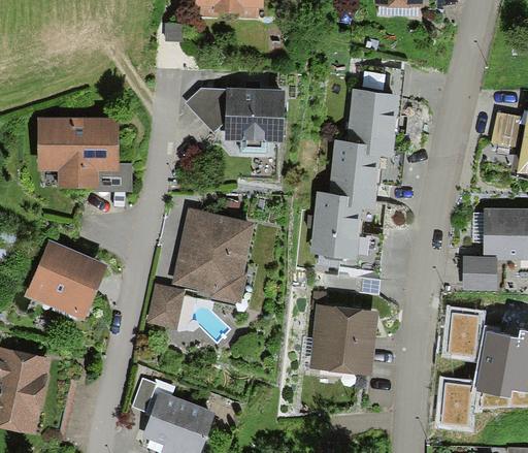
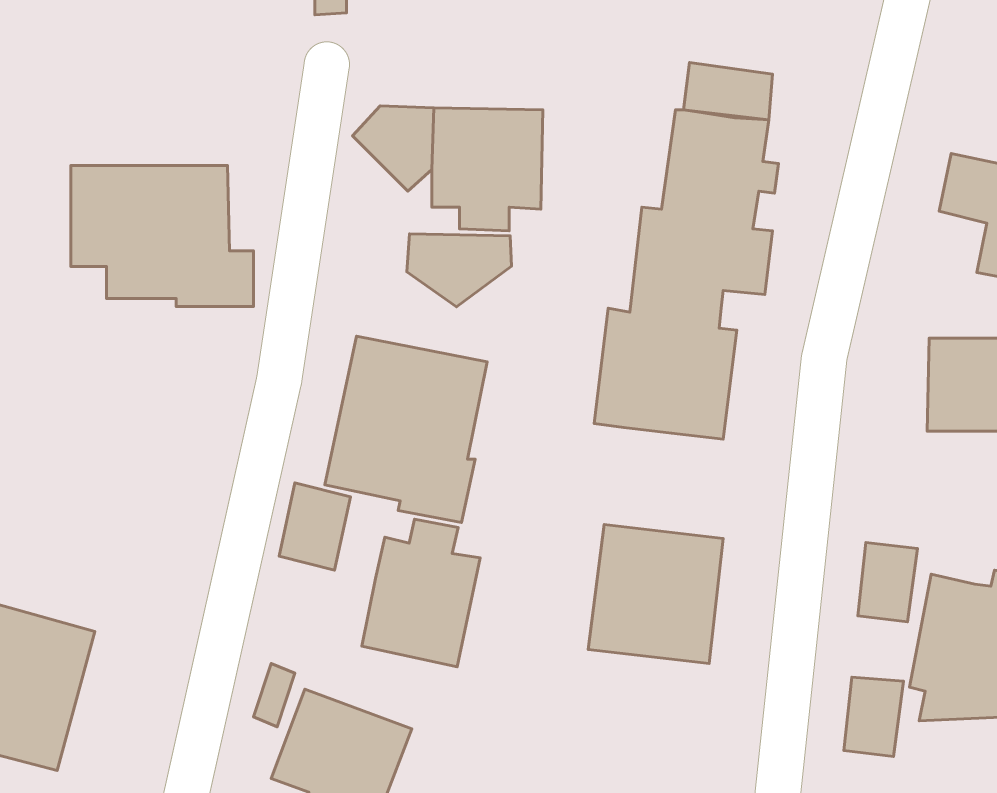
building: none -> [407,234,511,307]
building: [24,239,106,320] -> none
building: [463,257,499,291] -> none
building: none -> [362,519,480,667]

